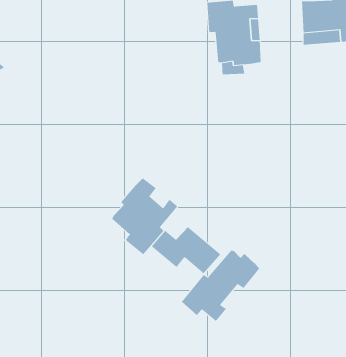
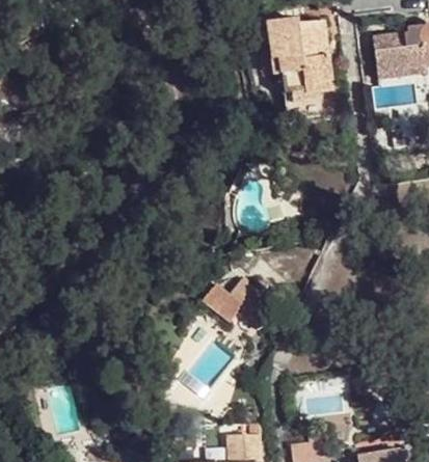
building: [112,177,178,255] -> none
building: [181,250,260,322] -> none

